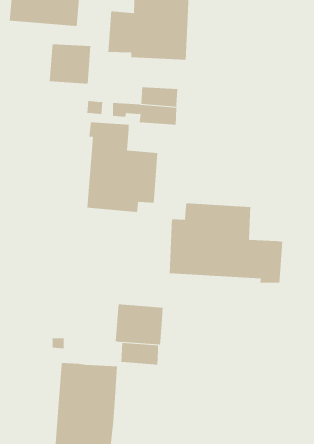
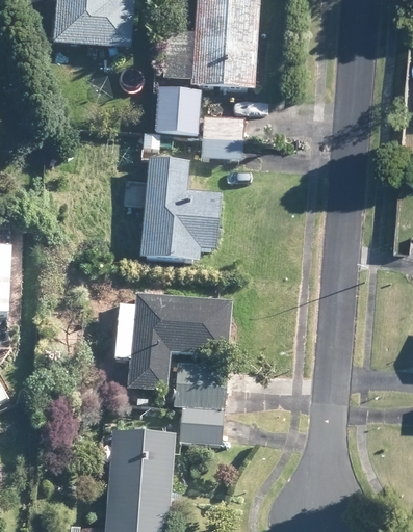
building: [49,44,91,84] -> [153,89,201,135]
building: [169,202,283,284] -> none
building: none -> [114,294,233,392]

